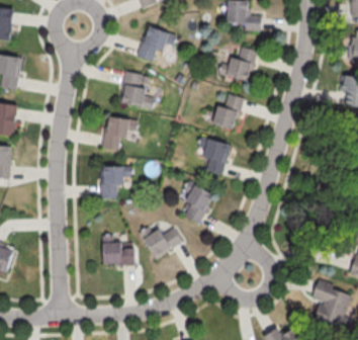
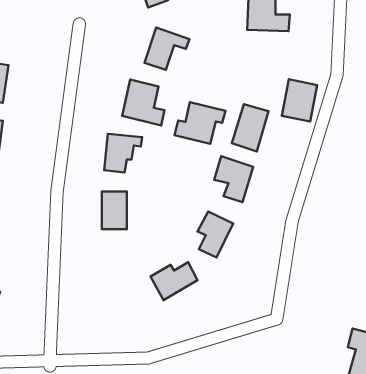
building: [226,45,256,81] -> [282,79,317,122]
building: none -> [175,102,225,144]
building: [101,243,135,265] -> none

